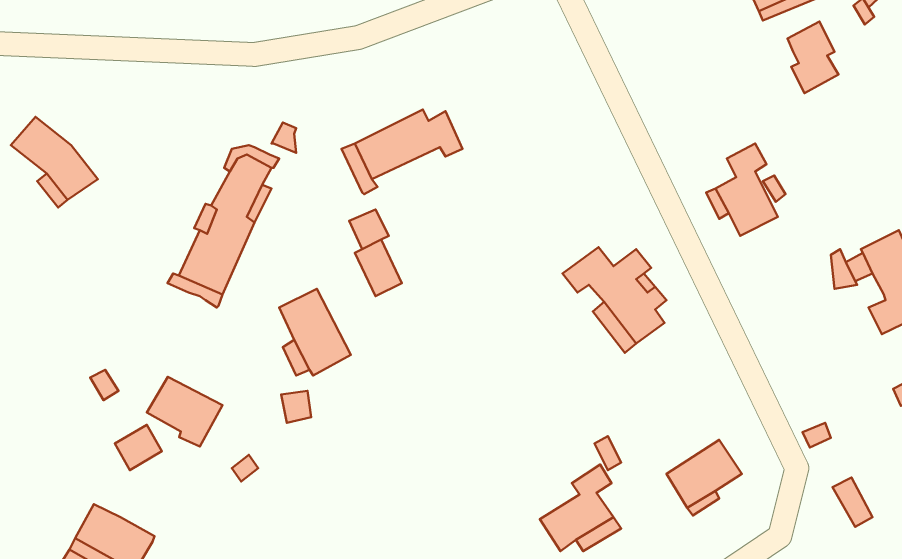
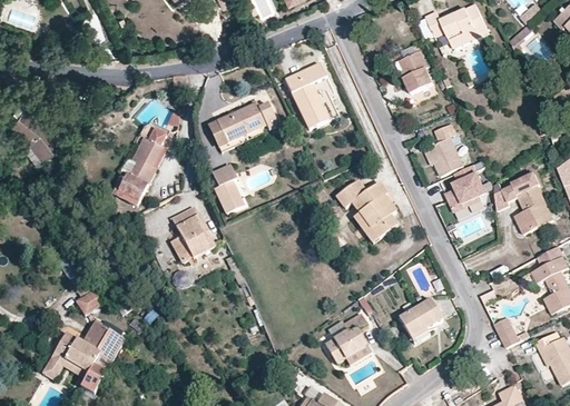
building: [787,22,838,93] -> [403,53,433,96]
building: none -> [284,63,328,131]
building: none -> [449,166,483,210]
building: [147,377,223,447] -> [77,321,121,363]

